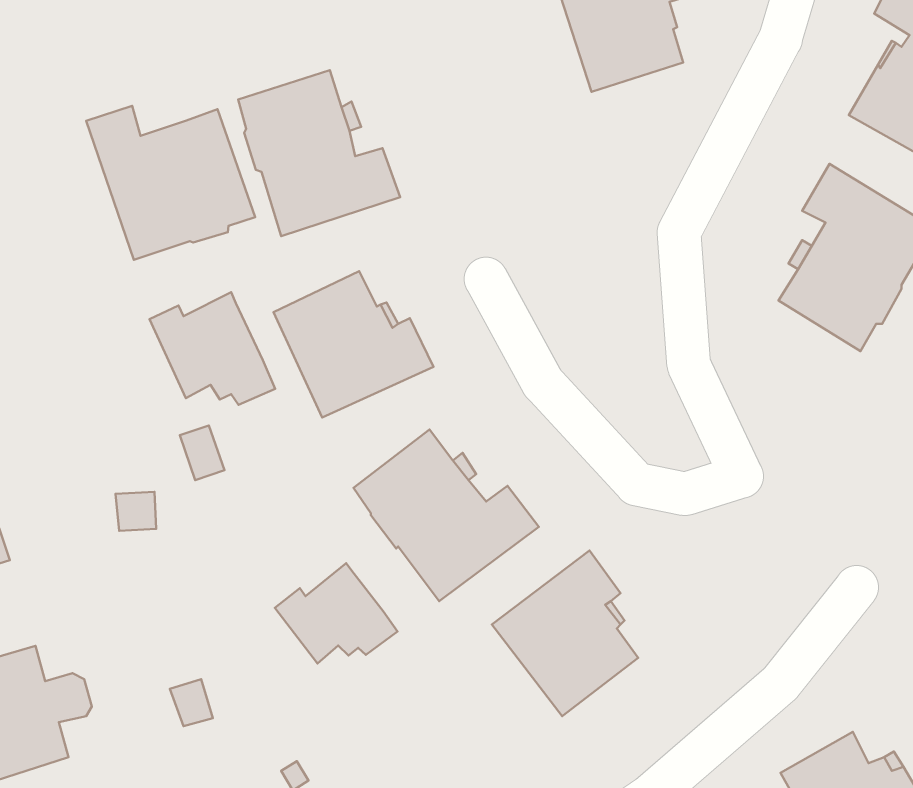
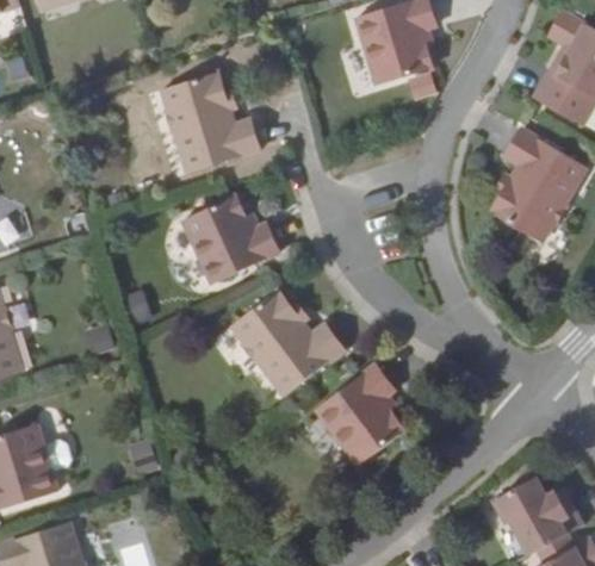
building: [86,106,255,260] -> none
building: [149,292,275,405] -> none
building: [275,563,398,664] -> none

